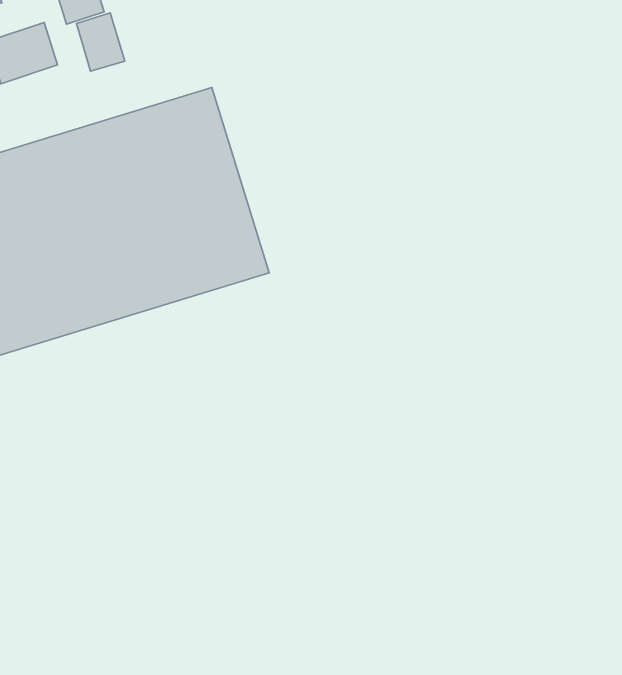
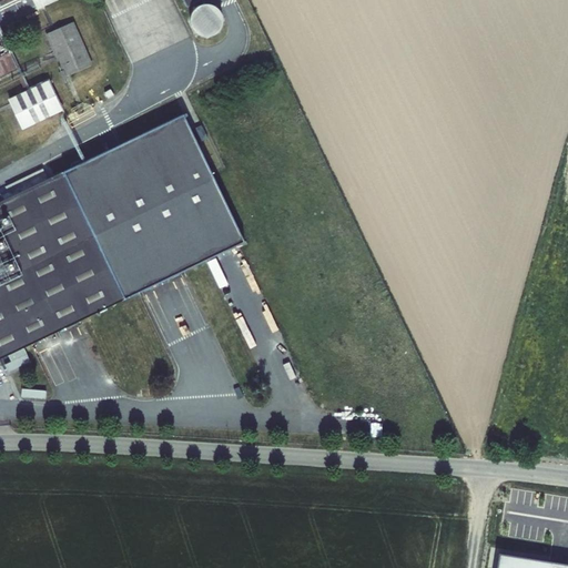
building: [76,13,125,71] -> none

